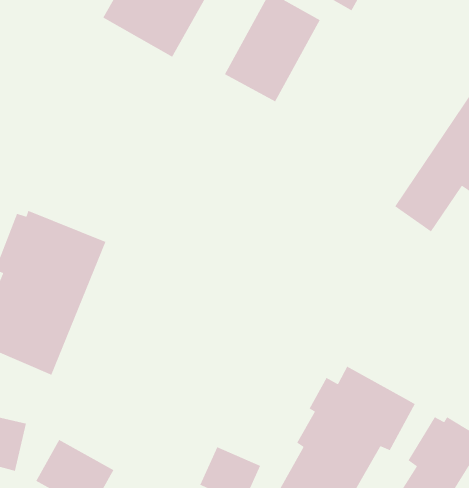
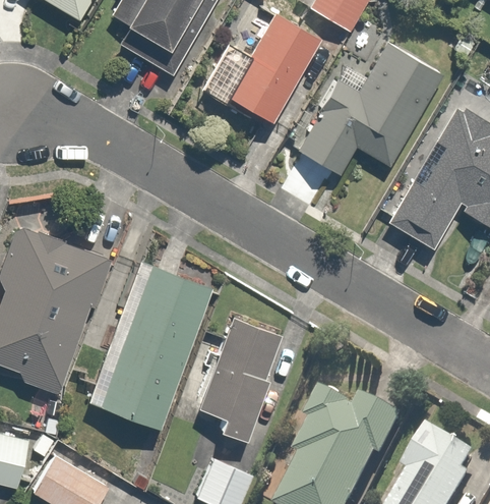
building: none -> [291,29,441,174]
building: none -> [100,264,208,429]
building: none -> [198,315,288,439]

